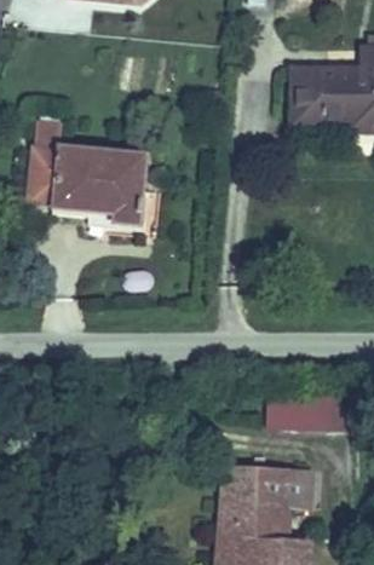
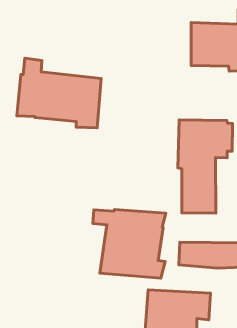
building: none -> [178,120,233,213]
building: none -> [93,209,166,278]

